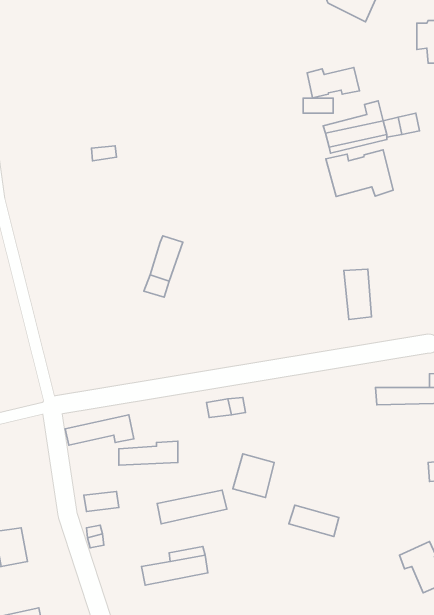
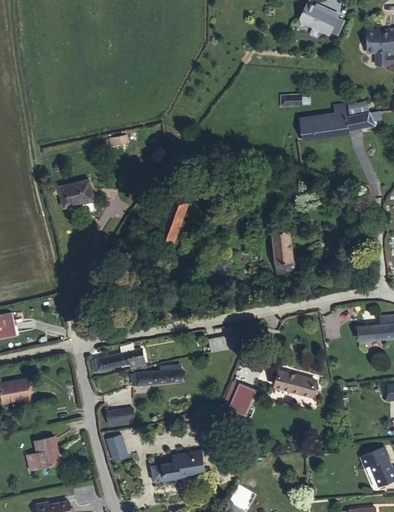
building: [307,68,360,98] -> none
building: [326,150,393,197] -> none
building: none -> [61,179,96,207]
building: [344,269,371,319] -> [270,232,292,272]
building: [157,490,227,524] -> none
building: [289,505,339,536] -> [274,372,314,397]

